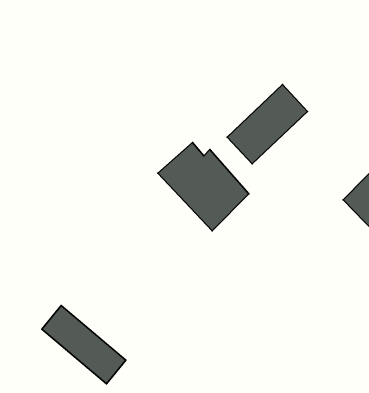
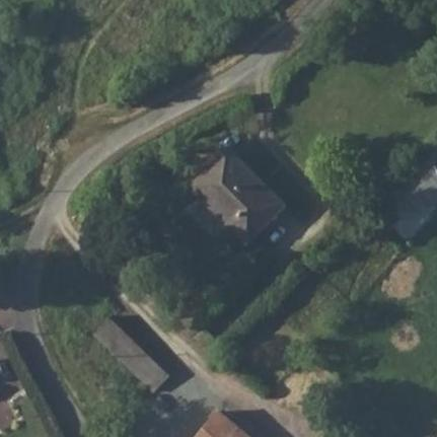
building: [227,85,307,164] -> none

